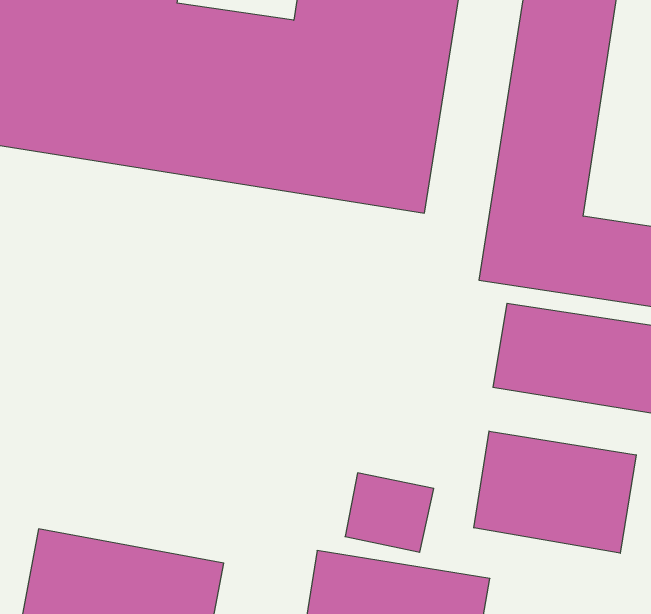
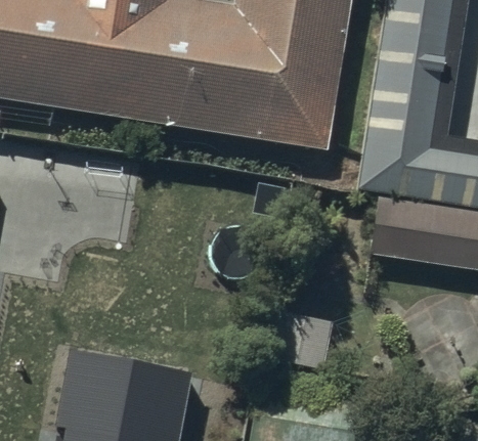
building: [474,431,636,553] -> none

